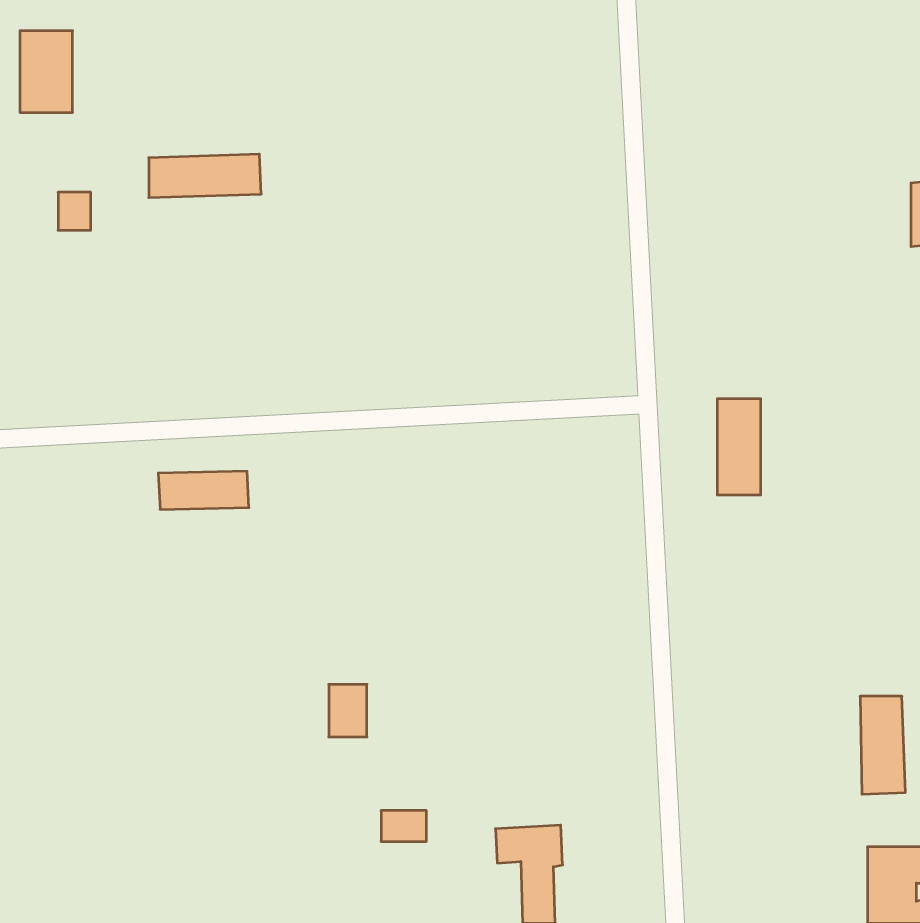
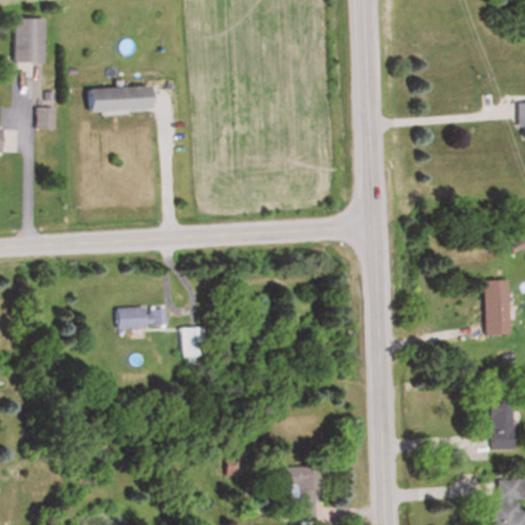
building: [717,399,761,495] -> [485,280,510,334]
building: [158,471,249,509] -> [118,307,169,328]
building: [329,684,367,737] -> [183,328,204,358]

